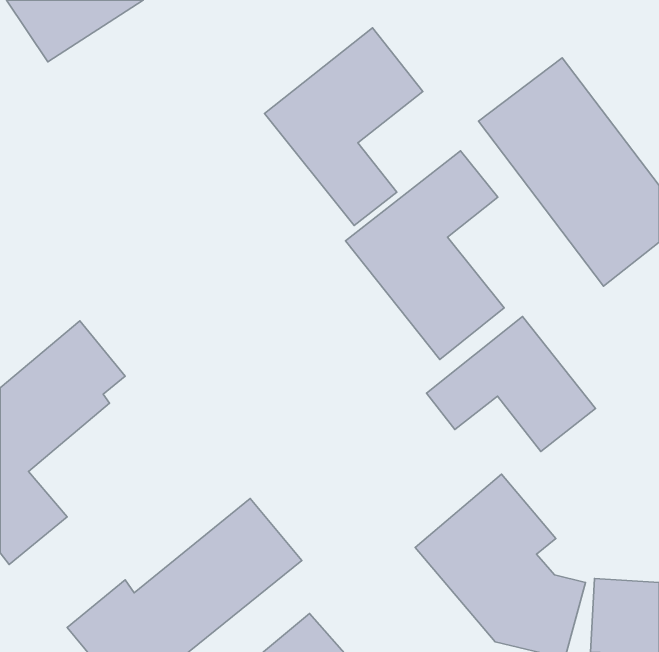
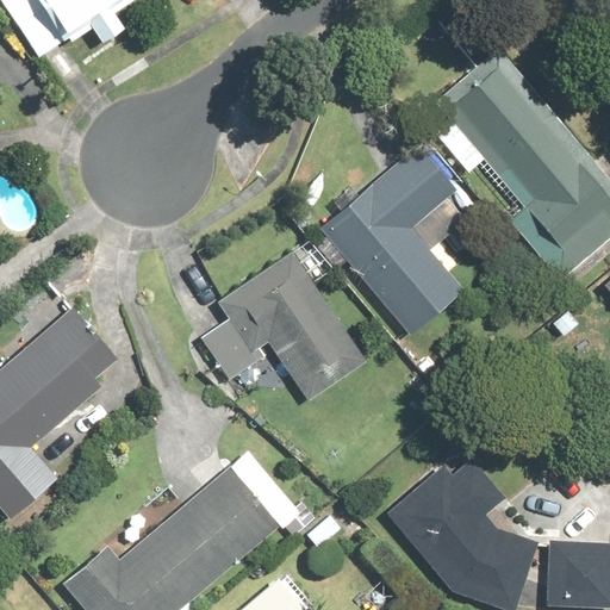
building: [264,28,423,226] -> none
building: none -> [198,249,368,399]
building: [427,317,595,451] -> none

